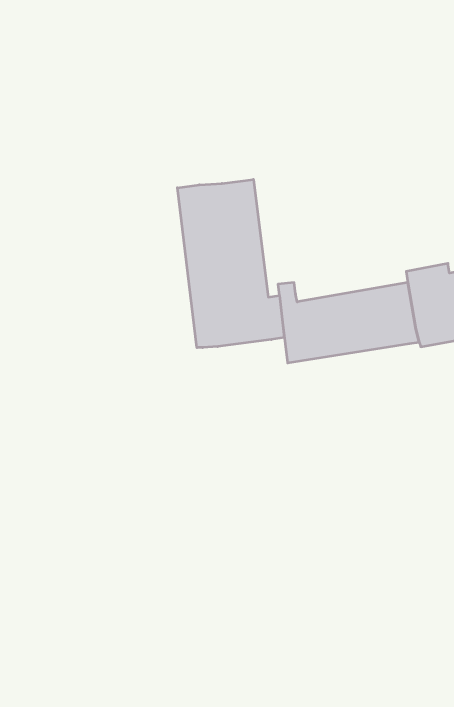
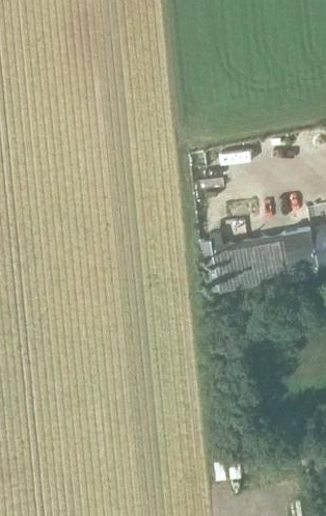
building: [177,179,284,348] -> none

